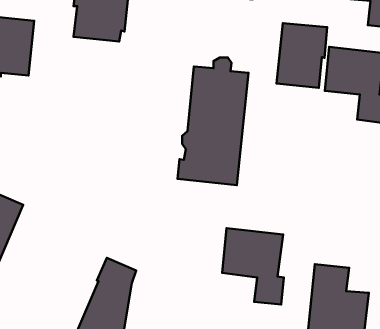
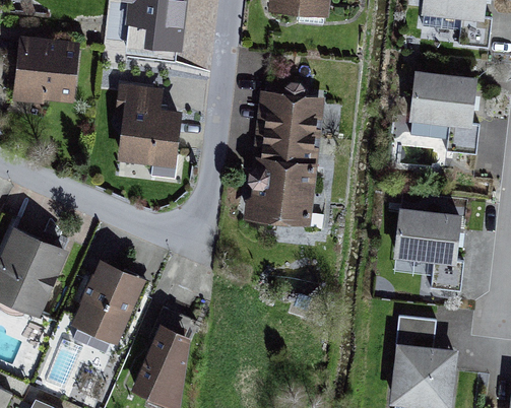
building: [277,23,327,88] -> none
building: none -> [115,84,182,167]
building: none -> [71,259,146,346]
building: [222,228,284,304] -> [393,207,463,293]

